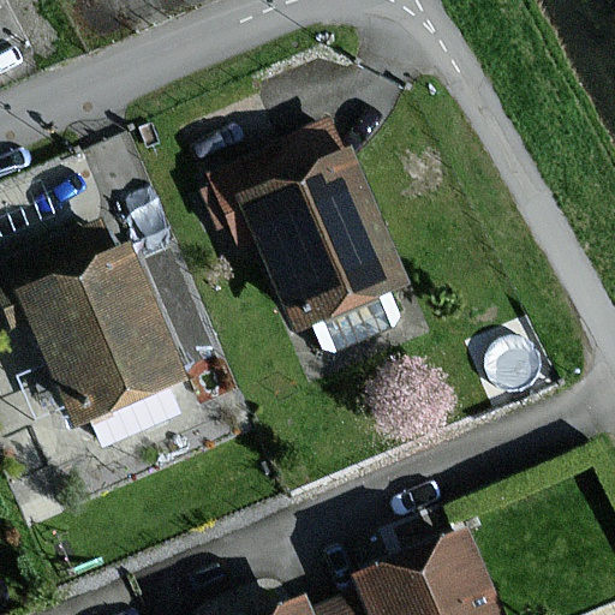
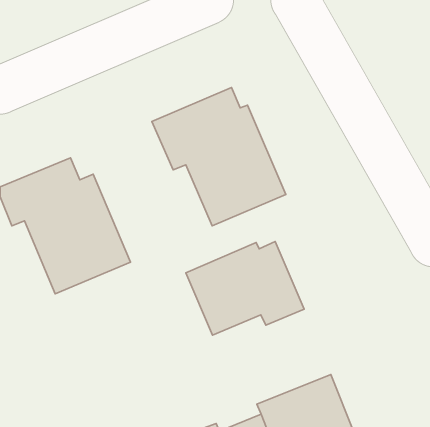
building: none -> [186,242,304,335]

